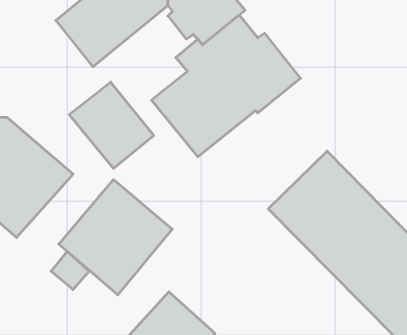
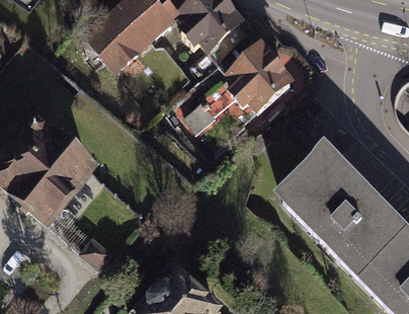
building: [69,82,154,168] -> none
building: [59,180,172,295] -> none

